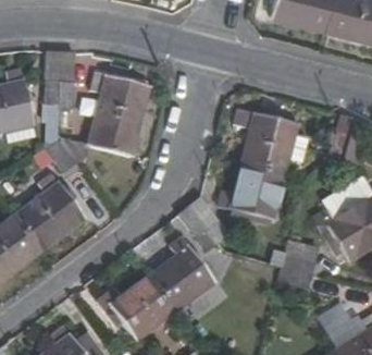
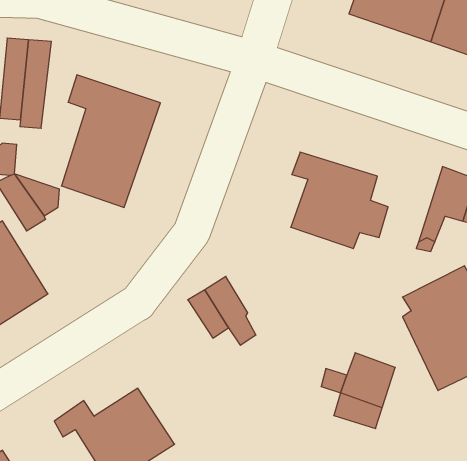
building: [219,161,284,221] -> none
building: [149,236,214,310] -> none

